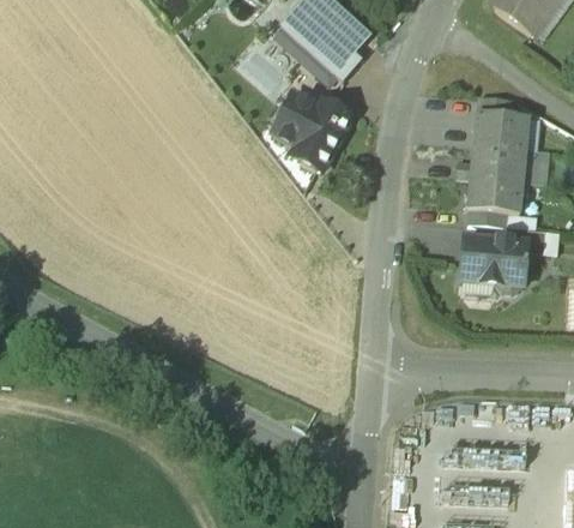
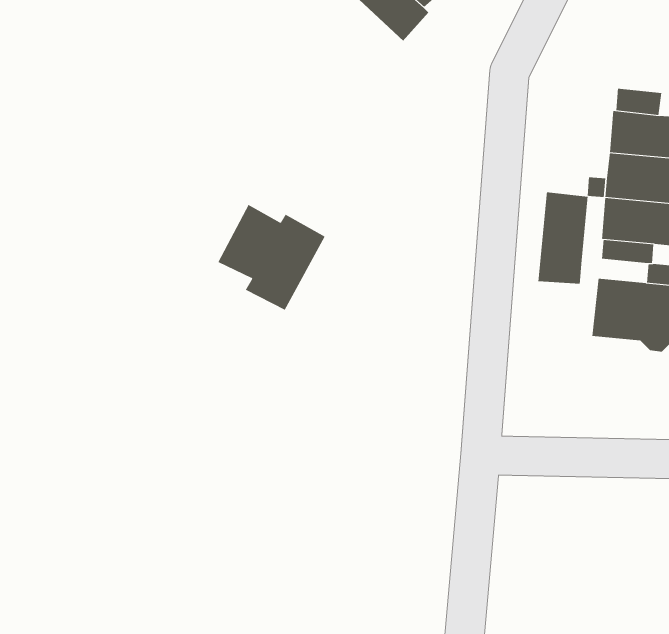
building: [320,38,362,80] -> none
building: [271,91,351,170] -> [218,204,325,311]
building: none -> [538,192,588,284]

